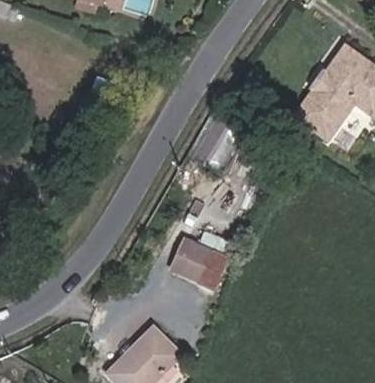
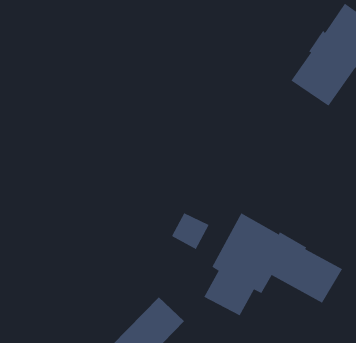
building: none -> [204,213,343,316]

